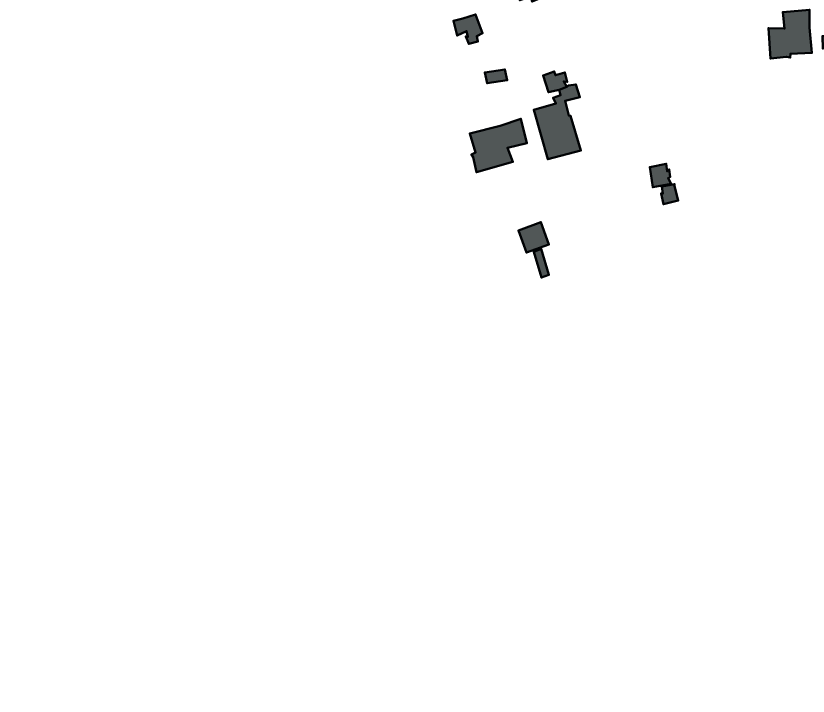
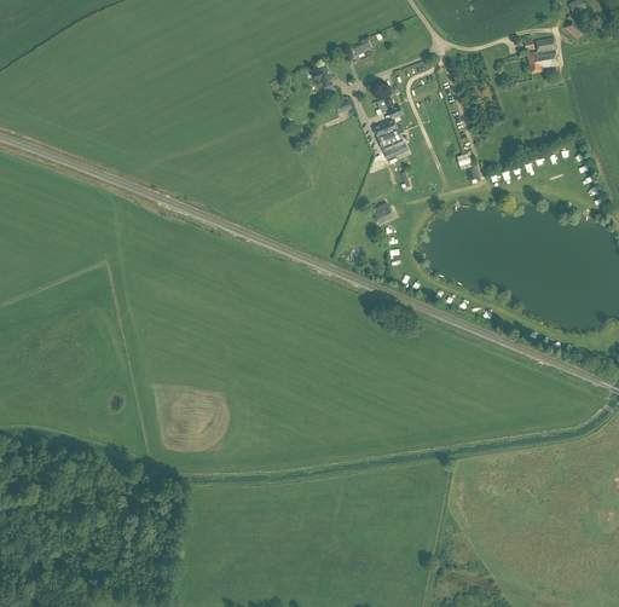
building: [470,119,527,172] -> none

